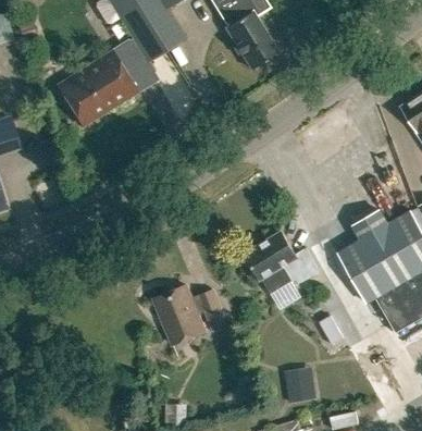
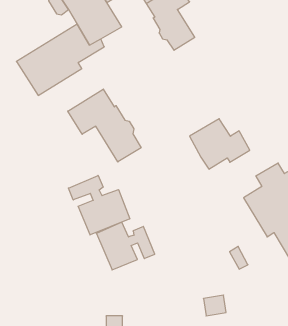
building: none -> [68,89,141,162]
building: none -> [68,175,130,235]
building: [246,232,321,295] -> [190,119,250,169]

